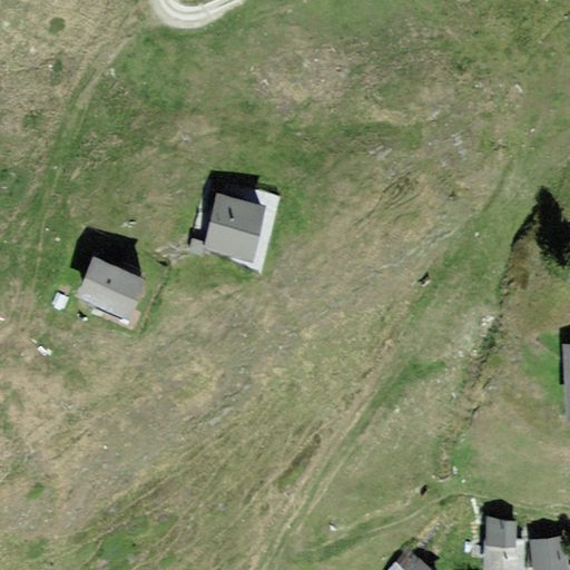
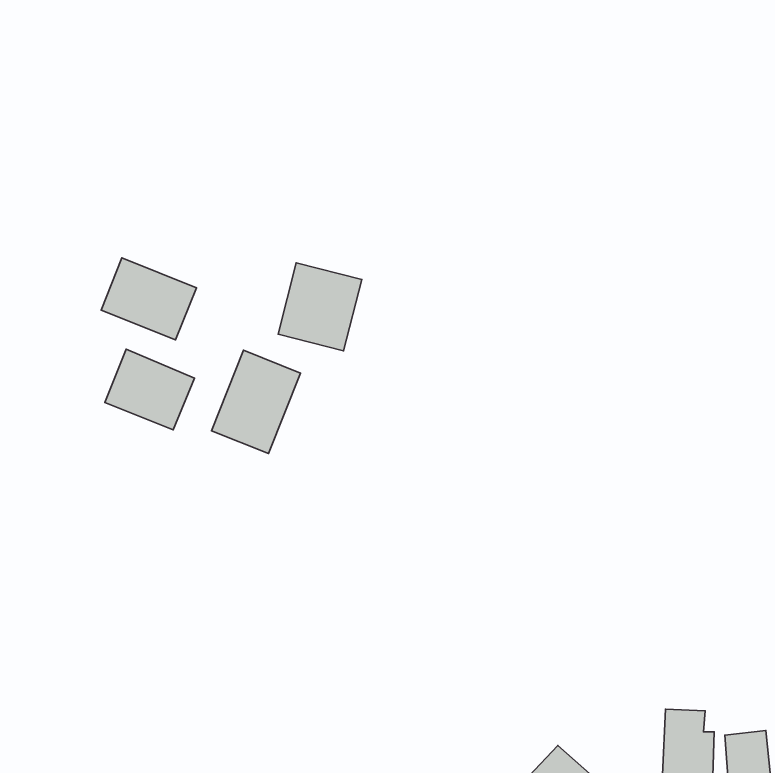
building: none -> [101,258,196,340]
building: none -> [211,350,301,454]

